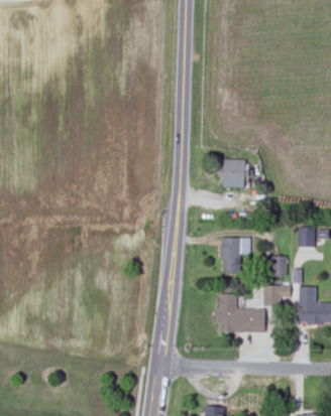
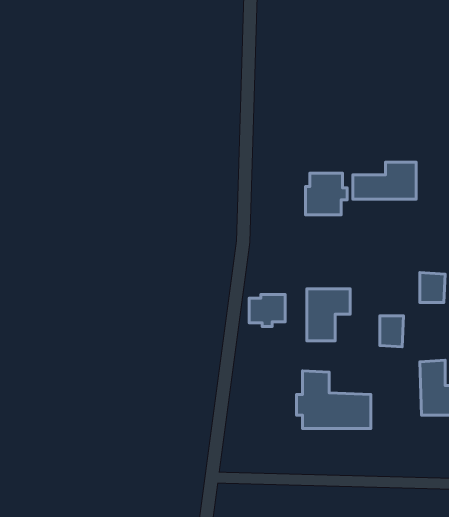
building: none -> [353,162,416,199]
building: none -> [249,295,285,326]
building: [262,285,291,305] -> none

